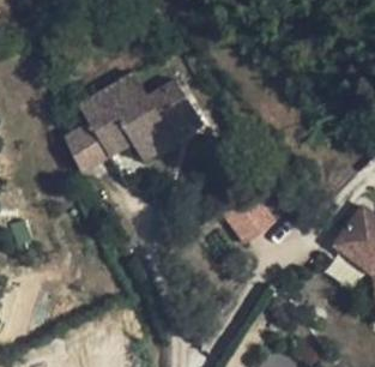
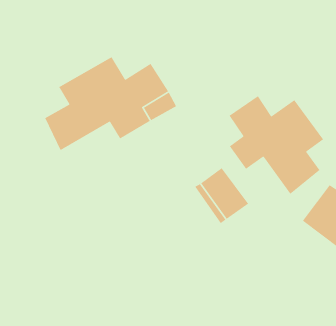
building: none -> [228,95,324,195]

